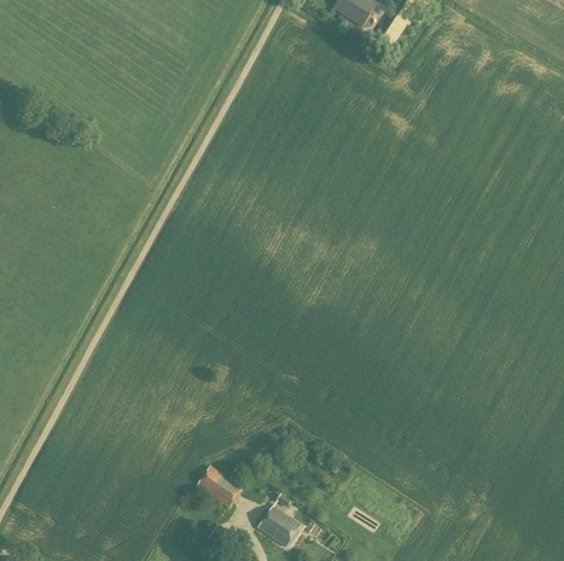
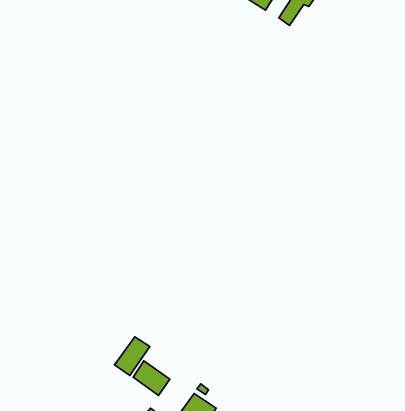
building: none -> [115,337,150,375]

